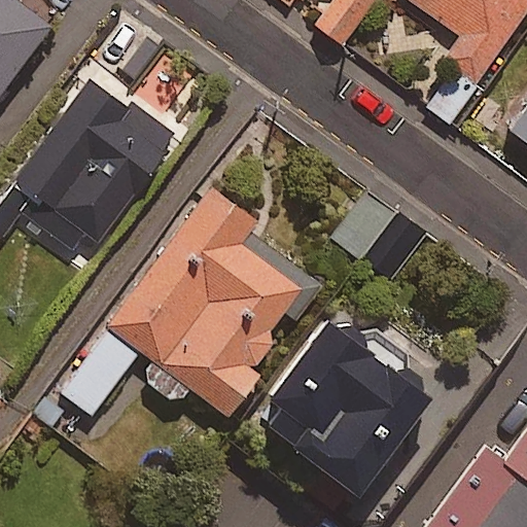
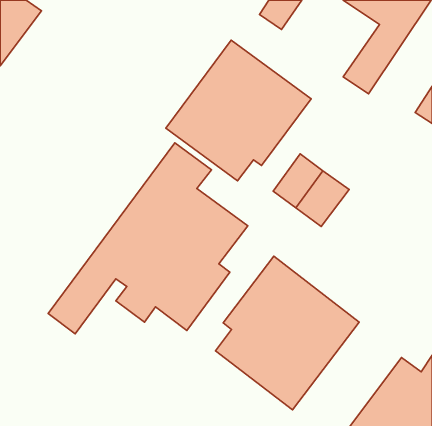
building: none -> [166,40,311,181]
building: [17,74,173,250] -> none

